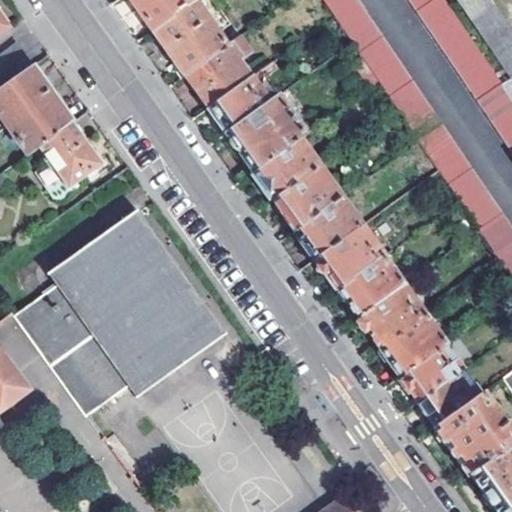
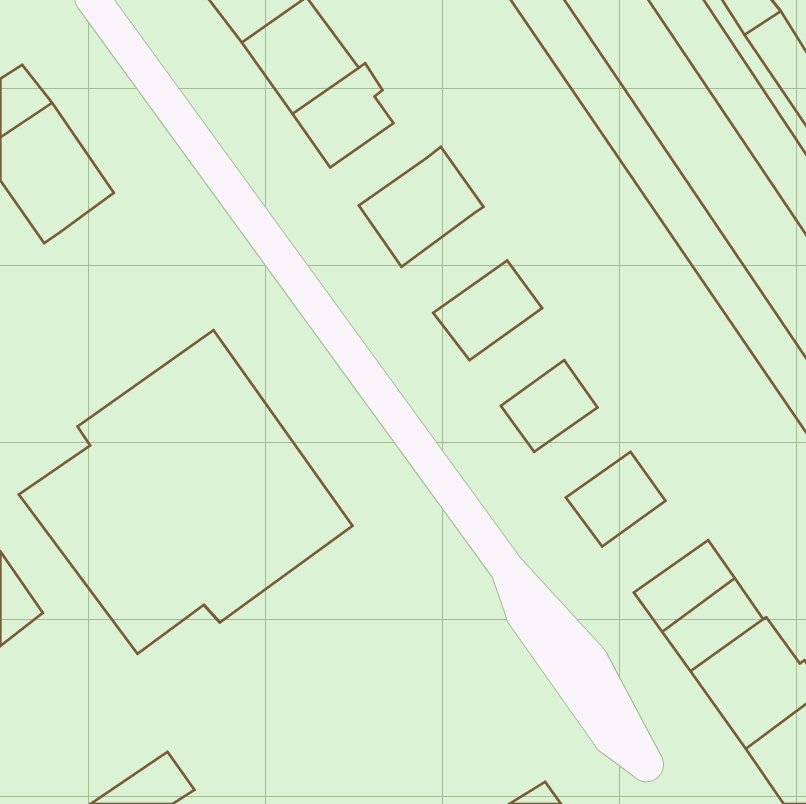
building: [210,75,271,130] -> none
building: [33,122,103,198] -> none
building: [255,135,322,198] -> none
building: [298,195,364,257] -> none
building: [339,254,406,315] -> none
building: [382,313,449,375] -> none

